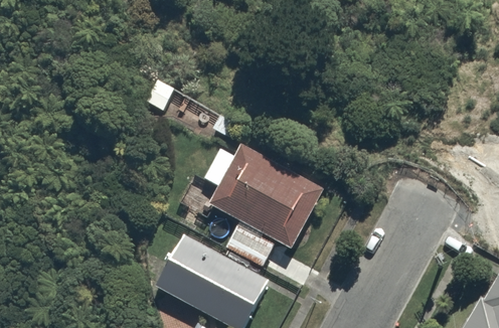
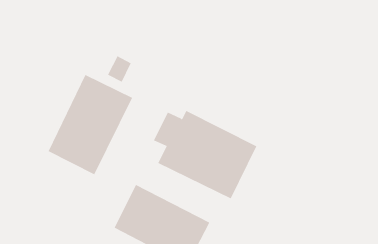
building: none -> [48,74,133,175]

